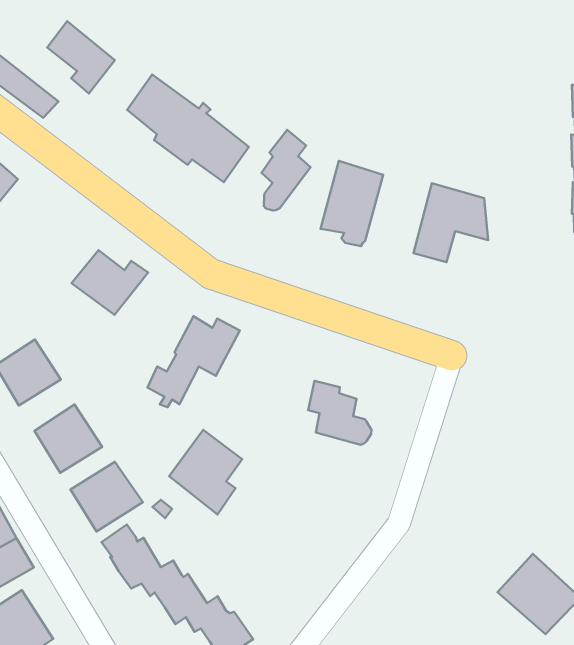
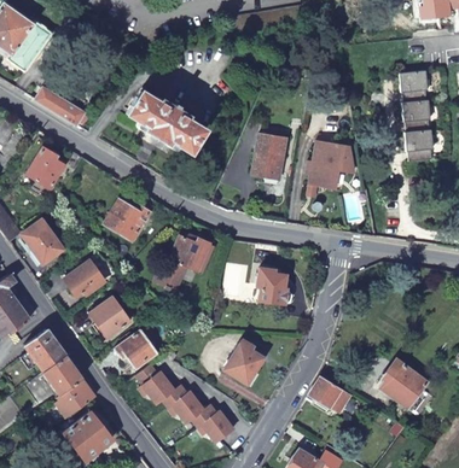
building: [47,21,115,93] -> none
building: [261,130,310,210] -> none
building: [169,430,242,514] -> [225,337,268,387]
building: none -> [310,376,353,415]

